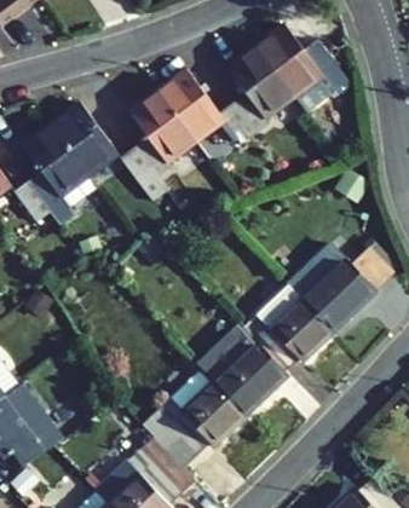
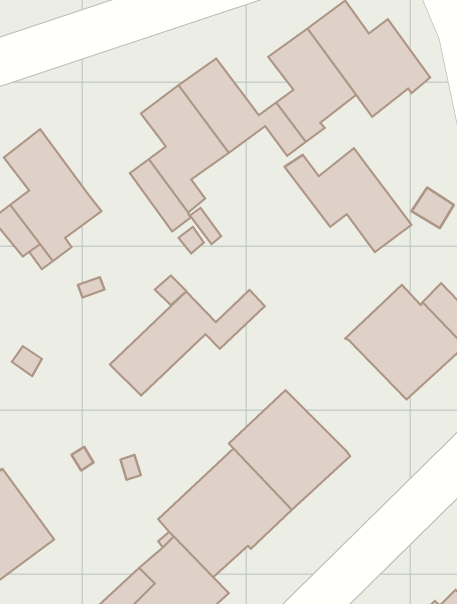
building: [51,103,117,175] -> none
building: none -> [285,148,412,252]
building: none -> [110,290,265,395]
building: [243,287,333,373] -> none

